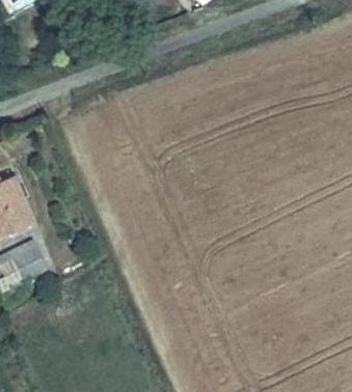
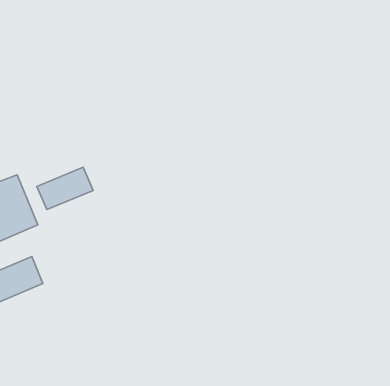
building: none -> [37,167,93,210]

